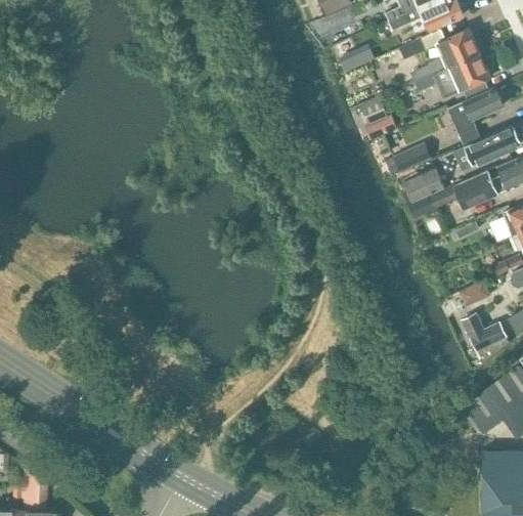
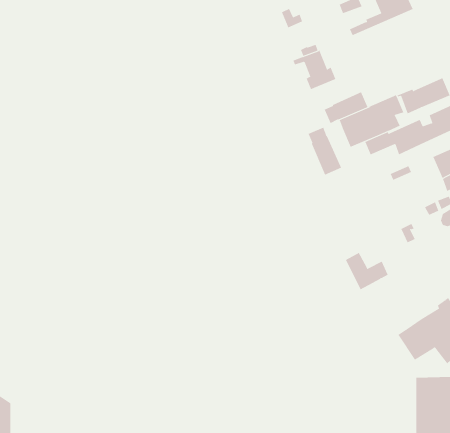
building: [415,52,491,98] -> none
building: [448,87,504,133] -> none
building: none -> [308,127,342,176]
building: [461,311,508,352] -> [345,252,389,290]

